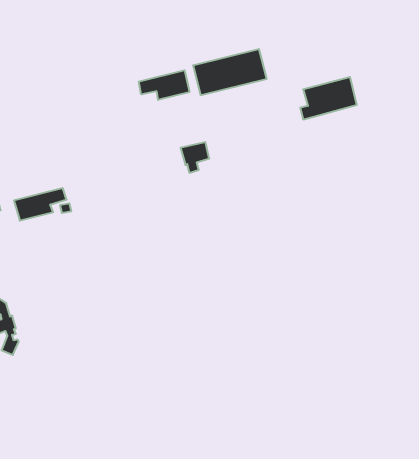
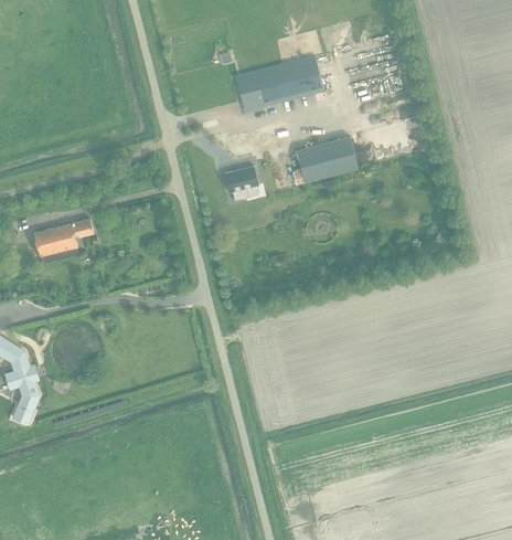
building: [139,70,189,100] -> none
building: [300,77,357,119] -> [290,137,355,186]

